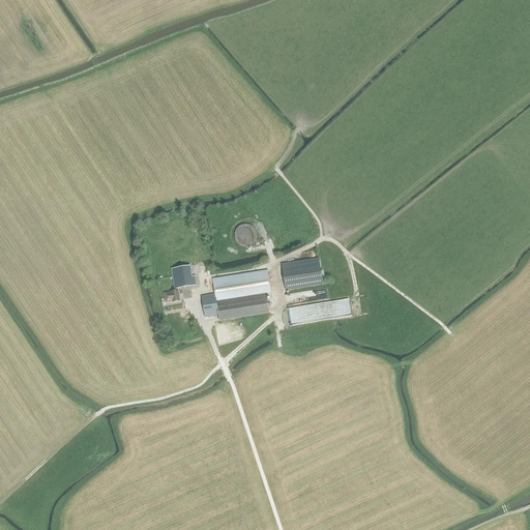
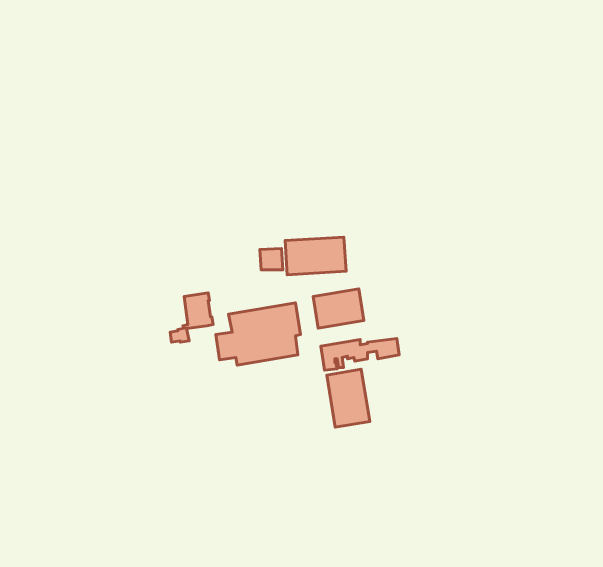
building: none -> [285,237,346,275]
building: none -> [327,369,370,427]

